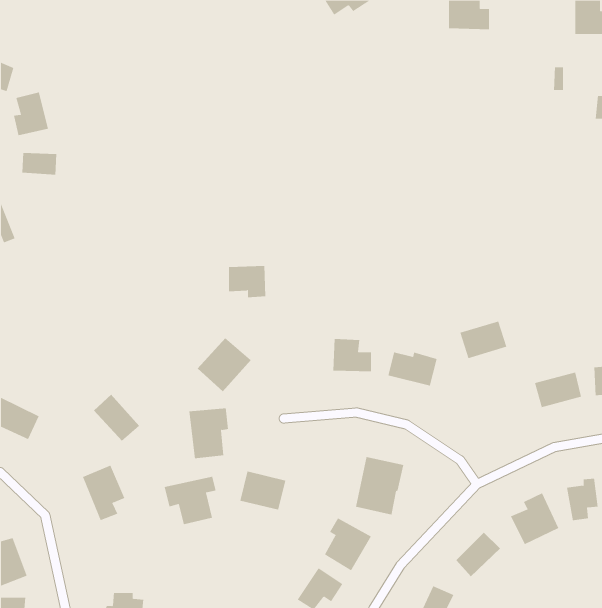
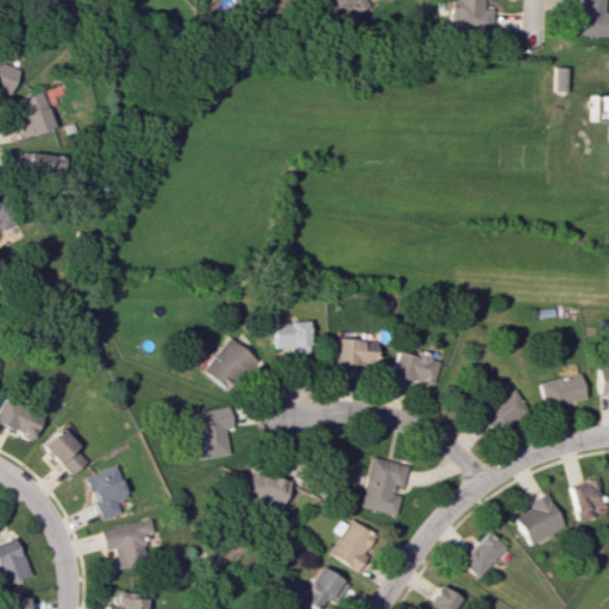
building: [228,266,266,298] -> [276,322,314,354]
building: [459,321,507,359] -> [482,390,529,428]
building: [93,394,140,441] -> [45,428,92,476]
building: [164,476,216,525] -> [105,520,157,569]

